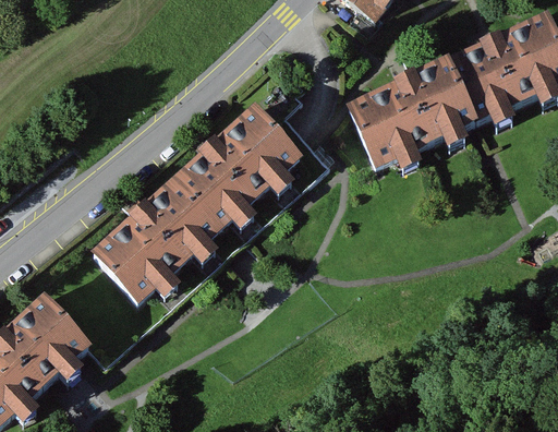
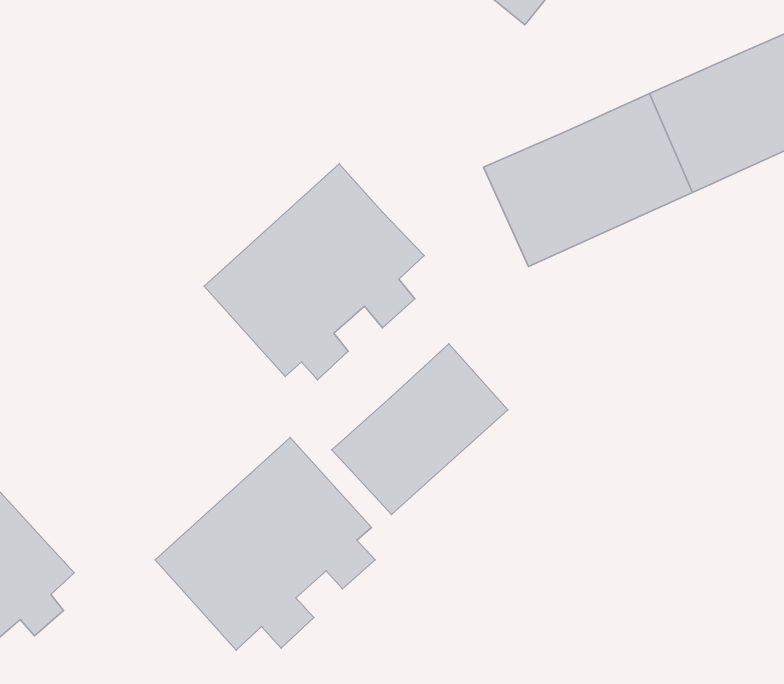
building: [94,177,227,305] -> [155,437,375,650]
building: none -> [332,344,508,515]

